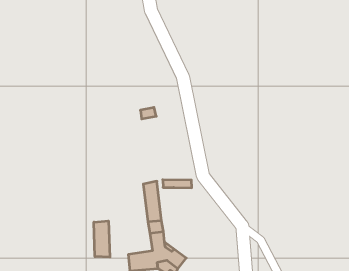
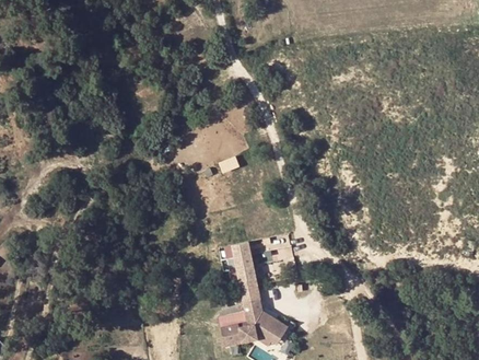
building: [94,221,110,257] -> none

